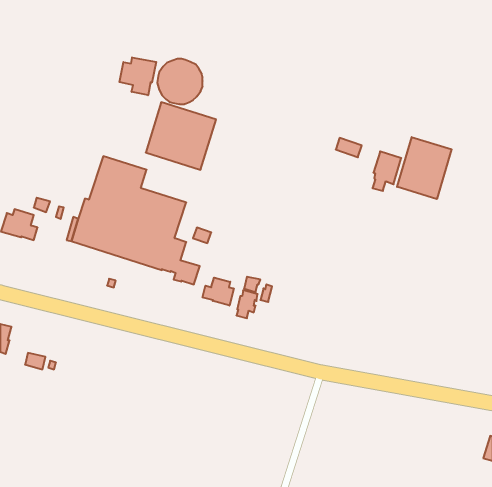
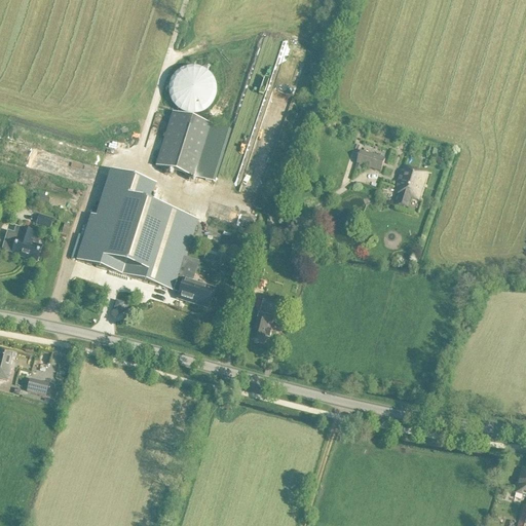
building: [119,57,156,95] -> none
building: [397,137,452,199] -> none
building: [203,278,234,306] -> none

